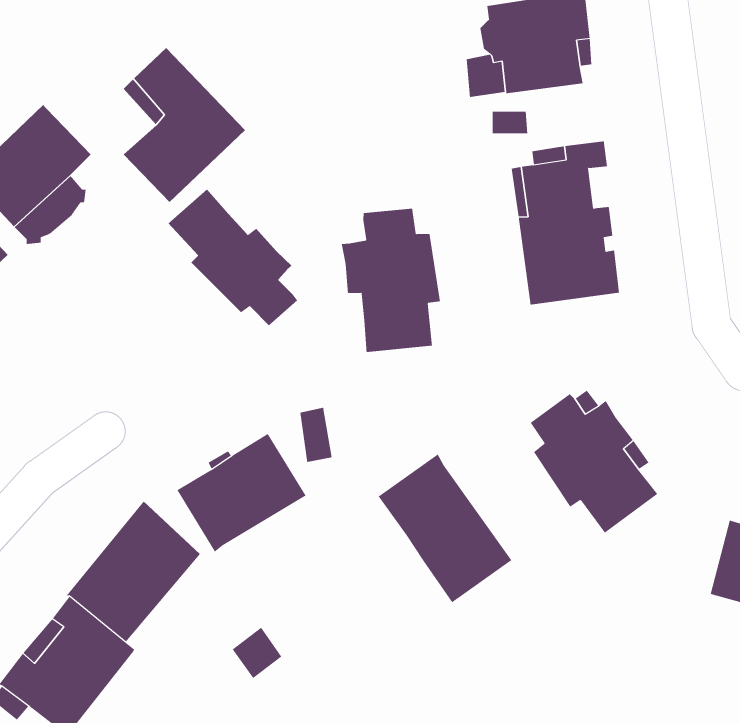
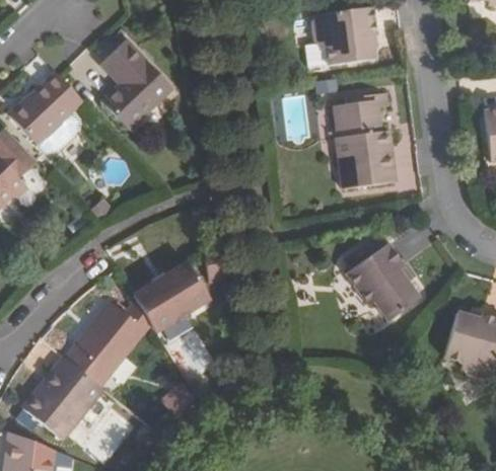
building: [167,188,298,326] -> none
building: [341,208,441,353] -> none
building: [378,453,512,603] -> none

